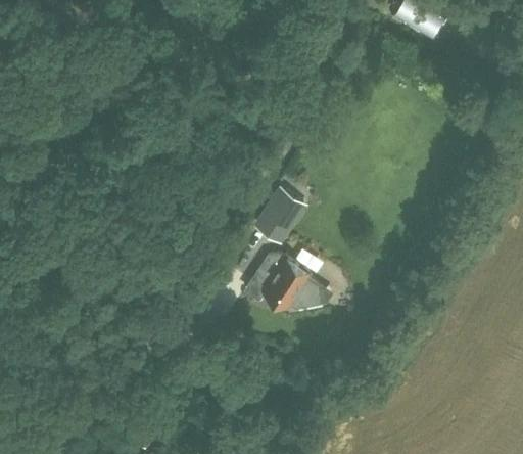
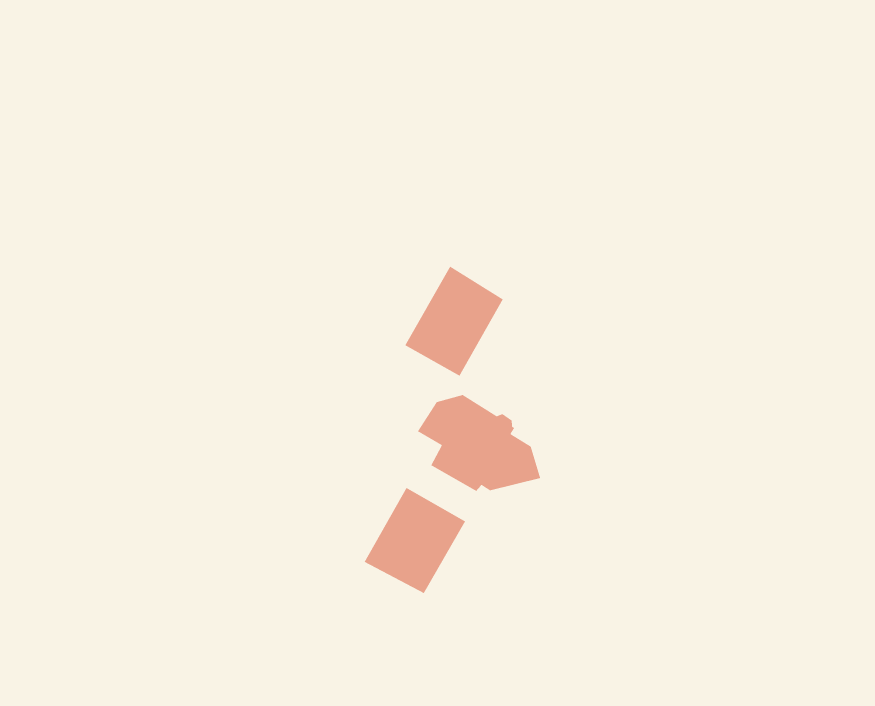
building: none -> [364,487,466,594]

